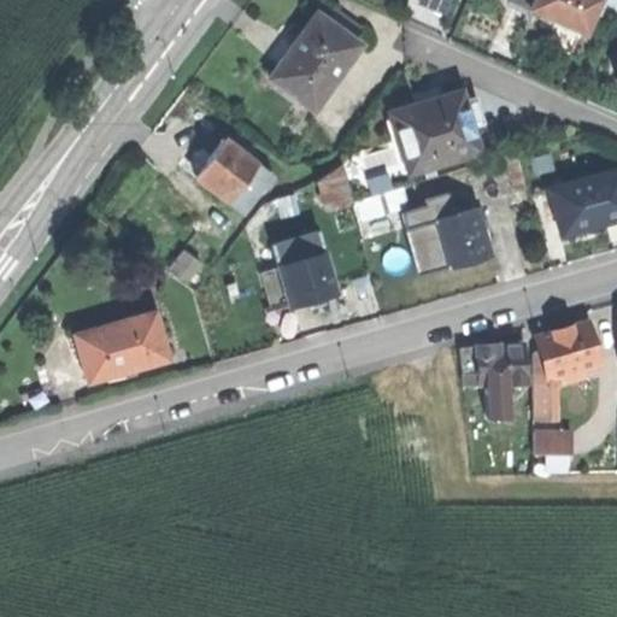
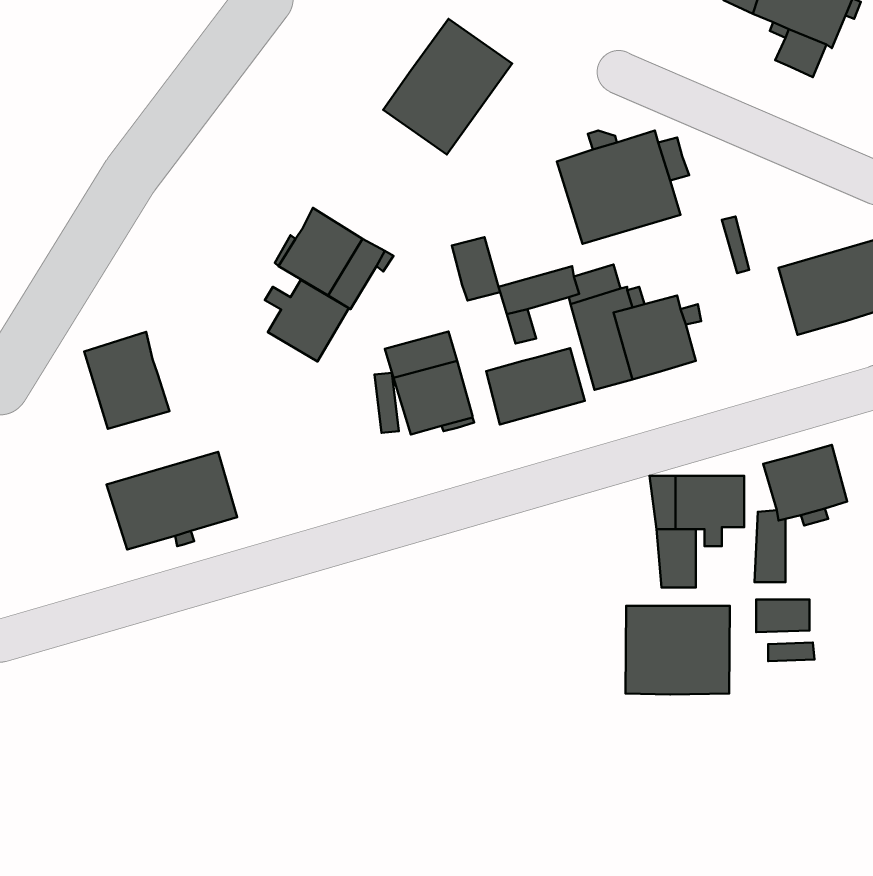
building: none -> [265,280,349,361]
building: none -> [84,332,170,429]
building: none -> [486,348,585,424]
building: none -> [626,606,730,694]

